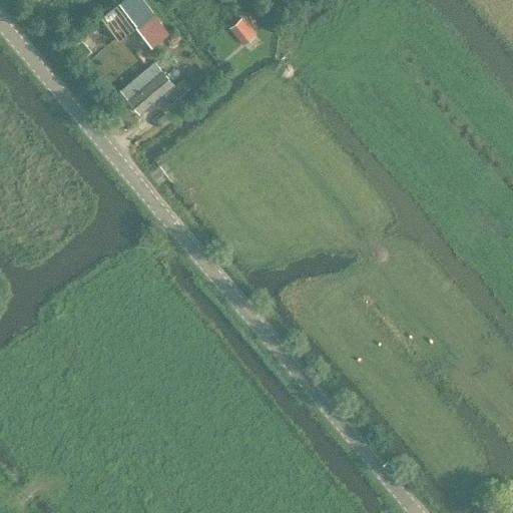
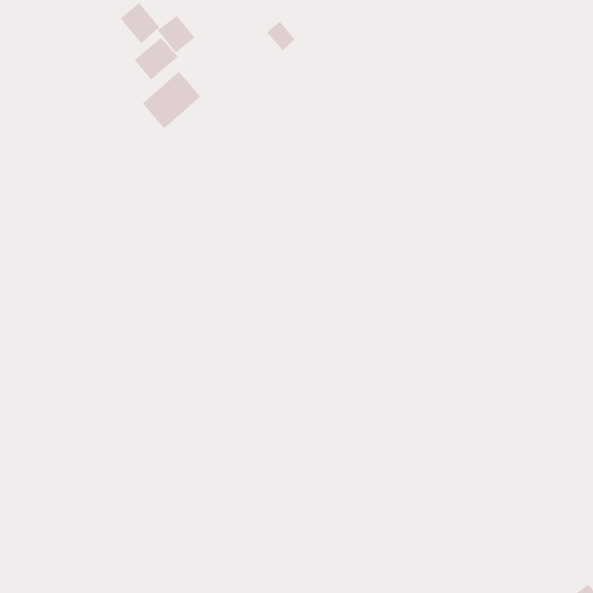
building: none -> [134,37,179,81]

